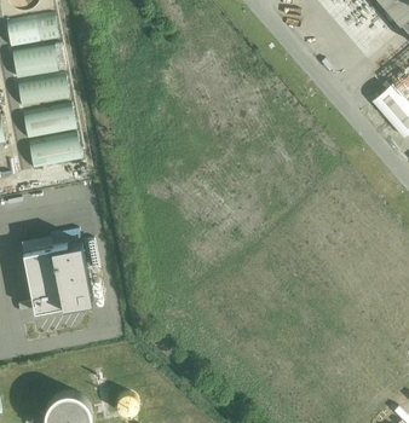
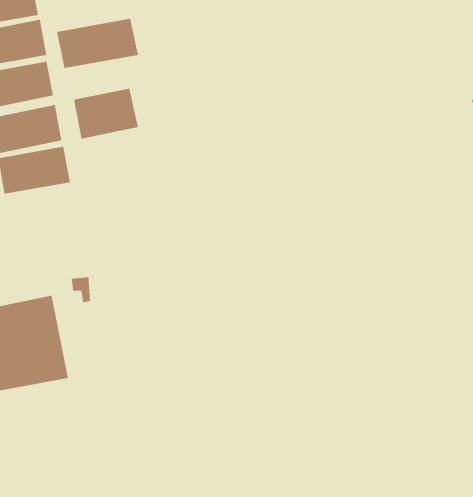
building: none -> [56,18,139,69]
building: none -> [73,88,139,139]

